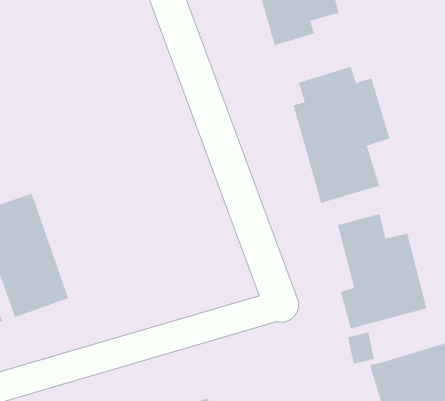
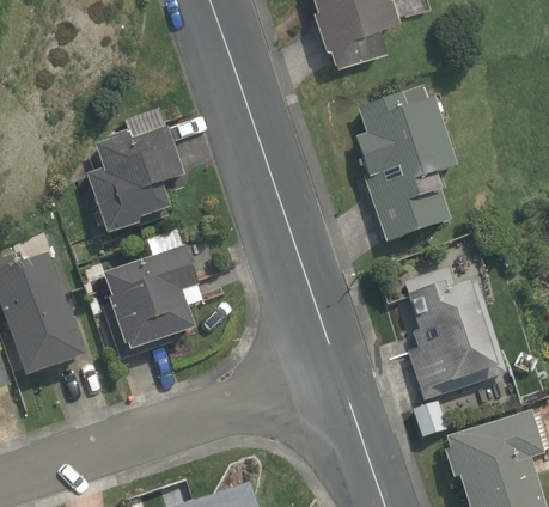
building: none -> [86,123,187,239]
building: none -> [98,248,205,355]

